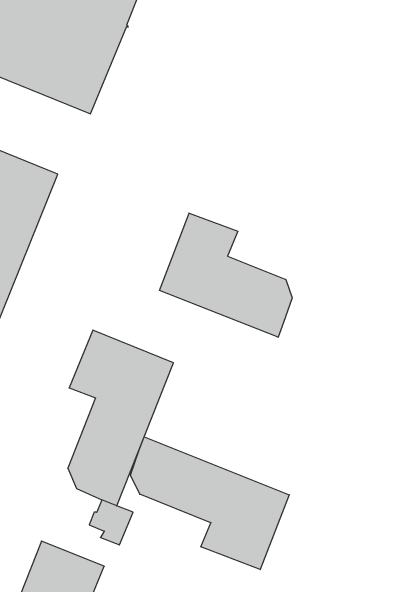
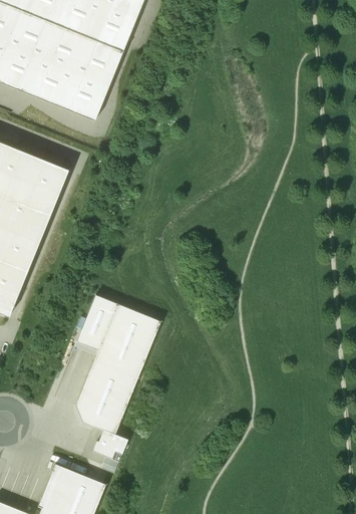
building: [159,213,292,337] -> none
building: [131,437,289,570] -> none

